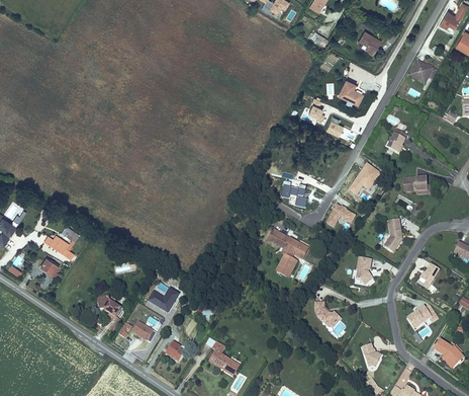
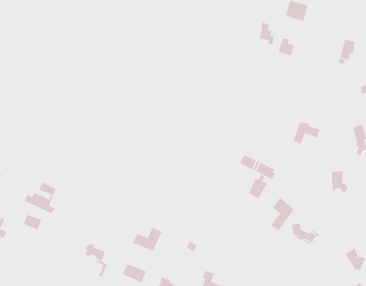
building: [349,165,382,196] -> none
building: [282,182,308,209] -> none
building: none -> [270,197,295,231]

